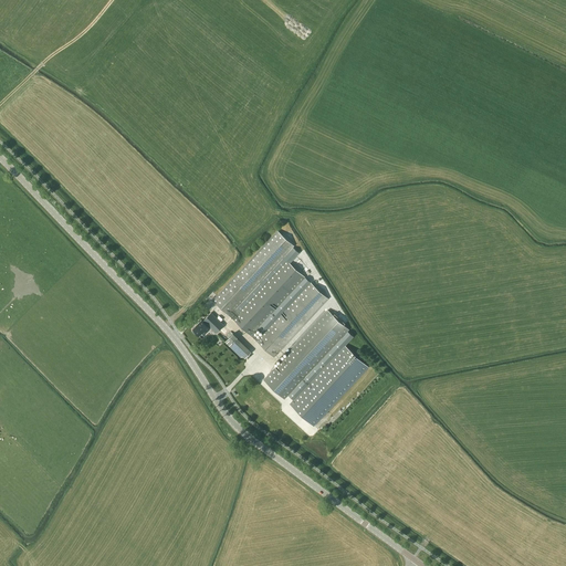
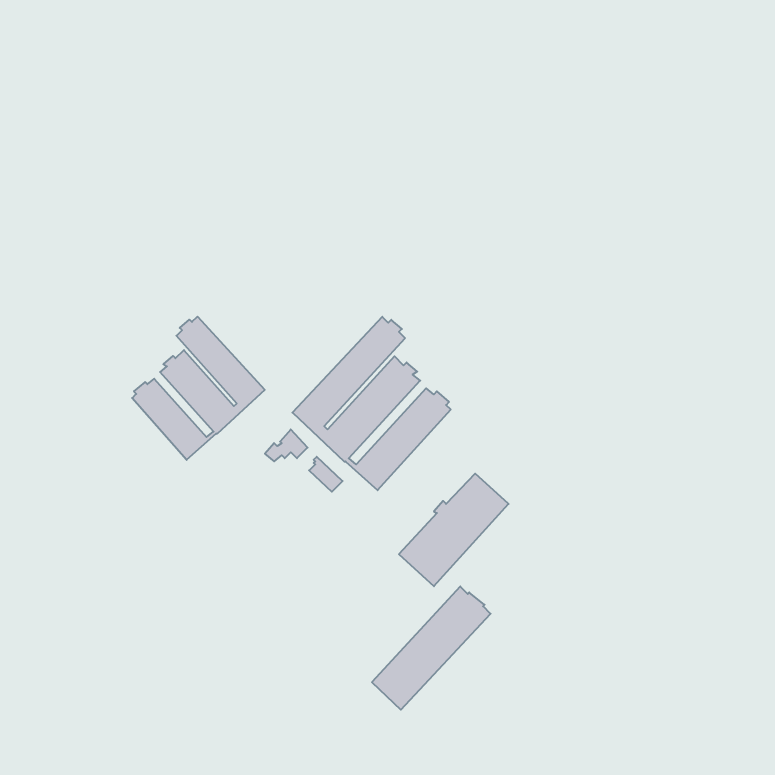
building: none -> [132,317,265,460]
building: [265,312,352,401] -> [372,586,491,710]

